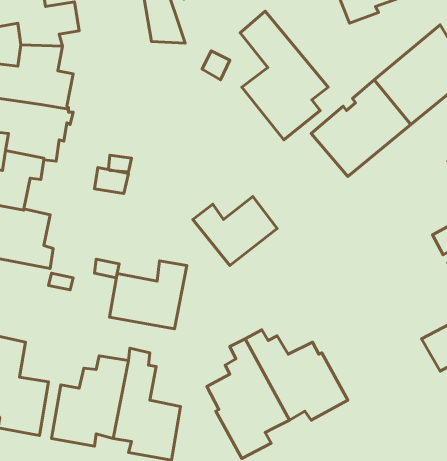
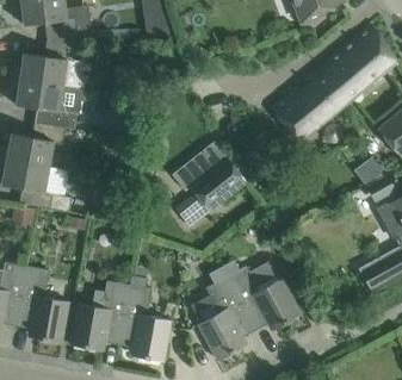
building: [240,11,328,140] -> none
building: [110,261,187,329] -> none

